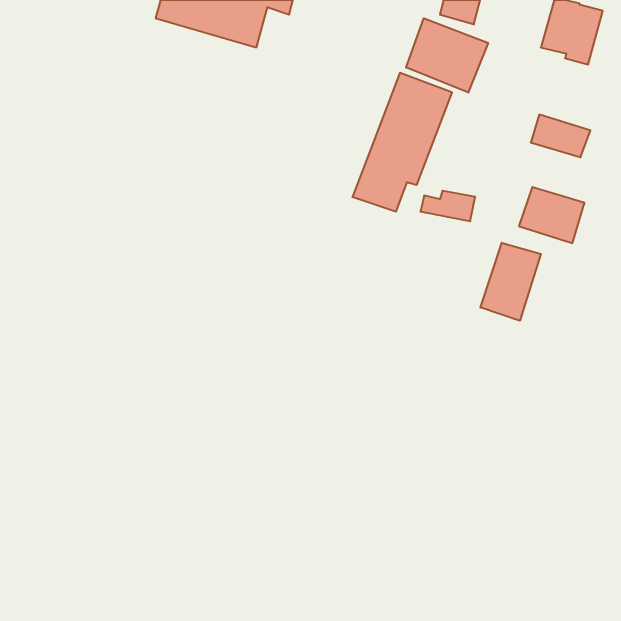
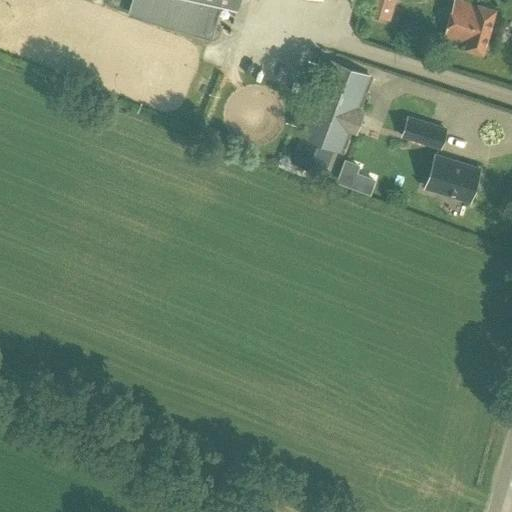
building: [406,18,488,93] -> none
building: [531,115,590,157] -> [399,115,448,150]
building: [480,243,541,321] -> none

